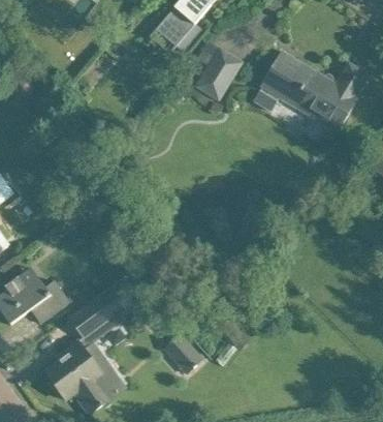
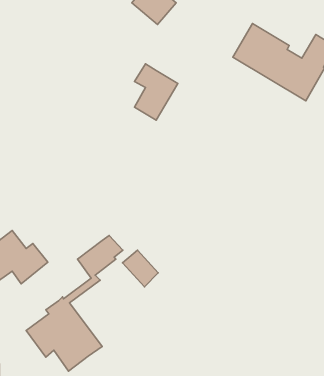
building: [195,41,241,100] -> [134,64,178,120]
building: [69,298,113,339] -> none
building: [164,336,201,374] -> [123,250,158,287]

